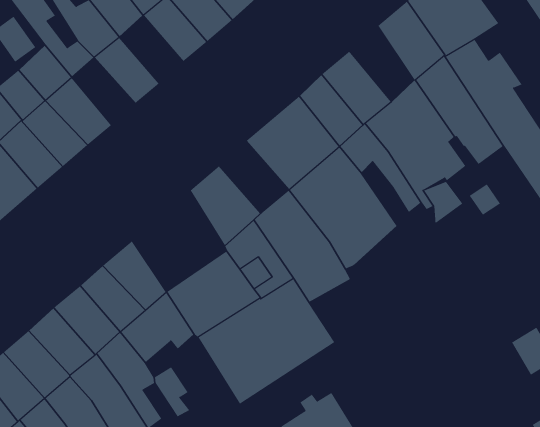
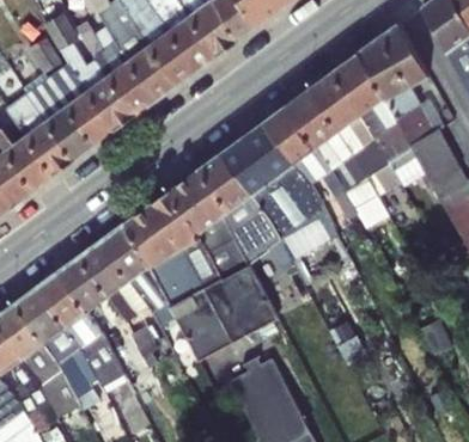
building: none -> [127,45,176,100]
building: none -> [309,69,358,130]
building: none -> [86,75,135,130]
building: none -> [197,152,251,210]
building: none -> [123,188,197,266]

